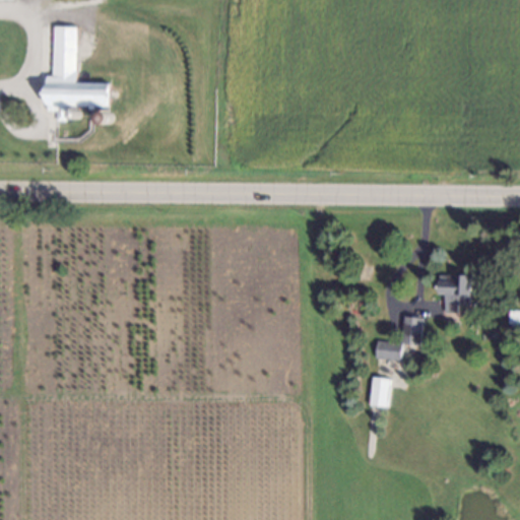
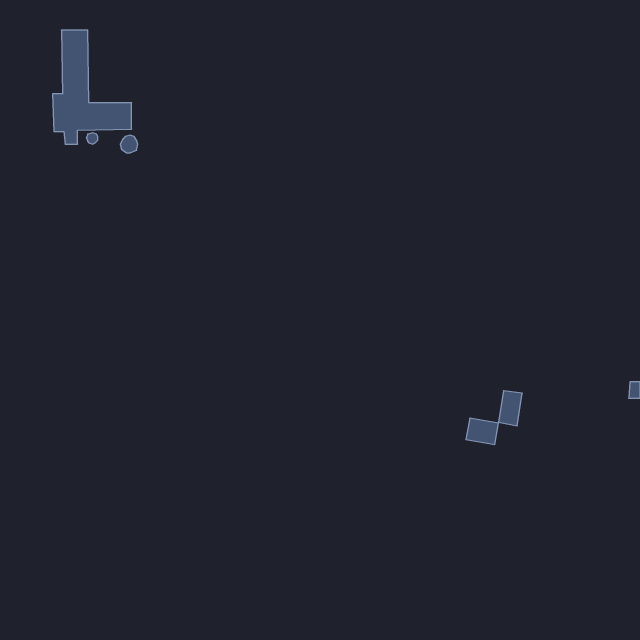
building: [442,273,473,311] -> none
building: [370,378,392,409] -> none

